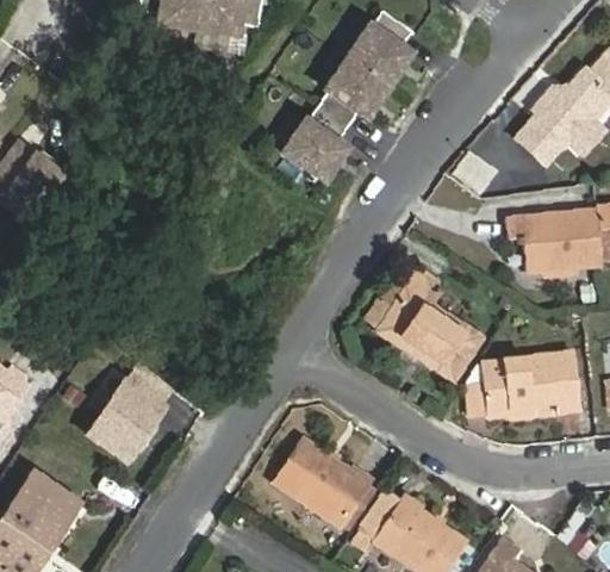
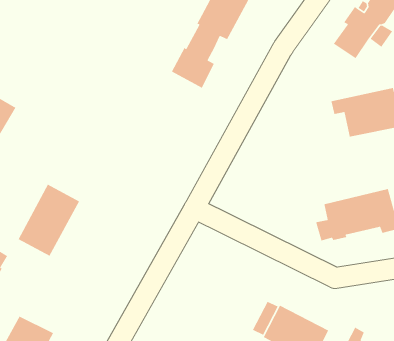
building: [365,273,479,379] -> none
building: [87,361,181,465] -> [17,184,80,257]
building: [275,440,368,524] -> none

